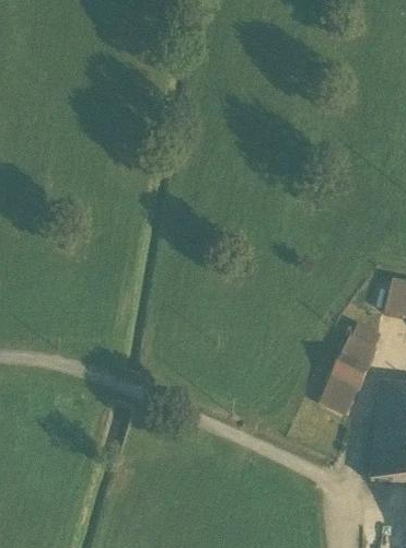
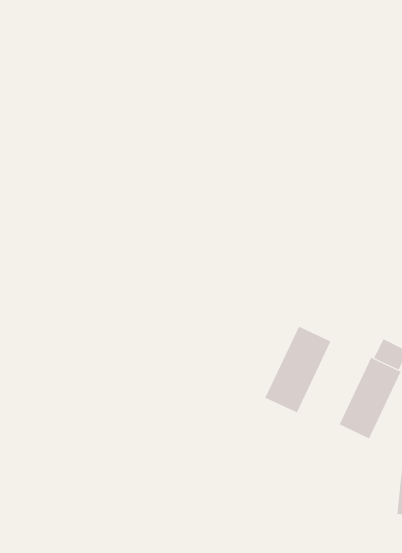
building: none -> [265,326,331,413]

